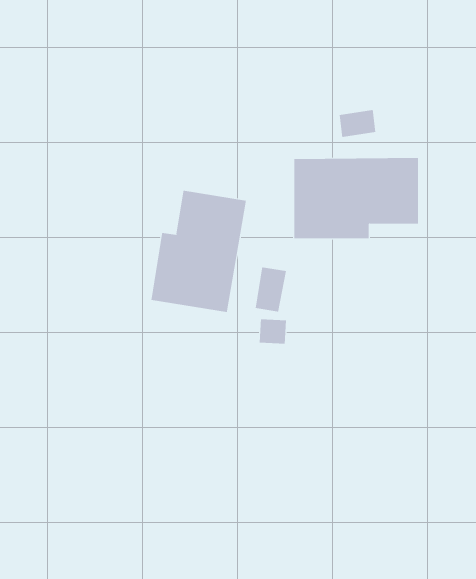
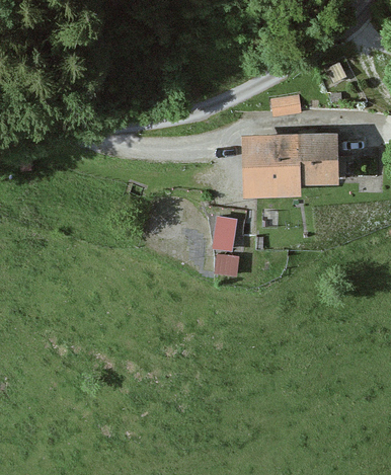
building: [151,190,247,313] -> none

